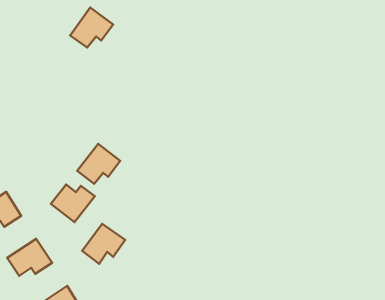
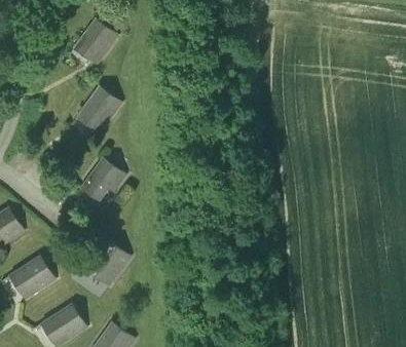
building: none -> [78,86,122,127]
building: [51,185,95,222] -> none

